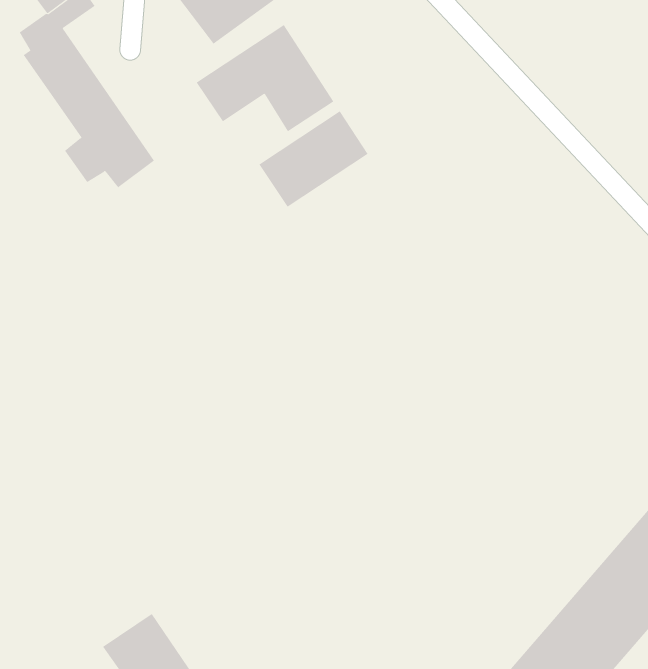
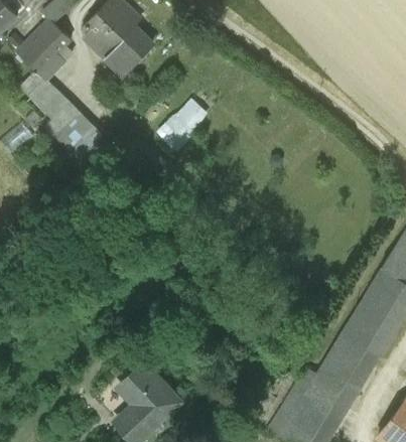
building: [196,24,334,132] -> none

